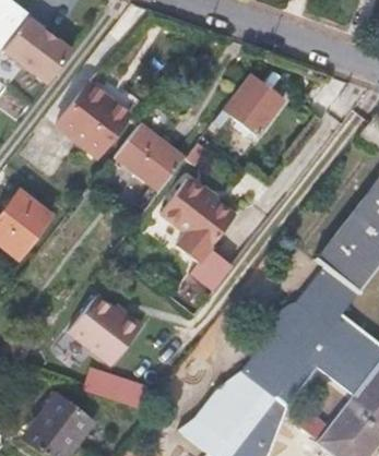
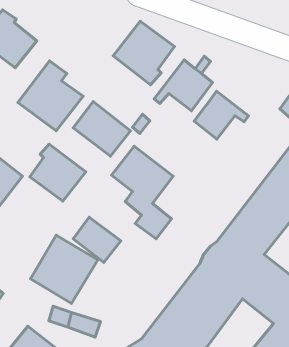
building: none -> [113,21,174,85]
building: none -> [194,91,249,139]
building: none -> [30,144,86,201]
building: none -> [73,217,121,263]

